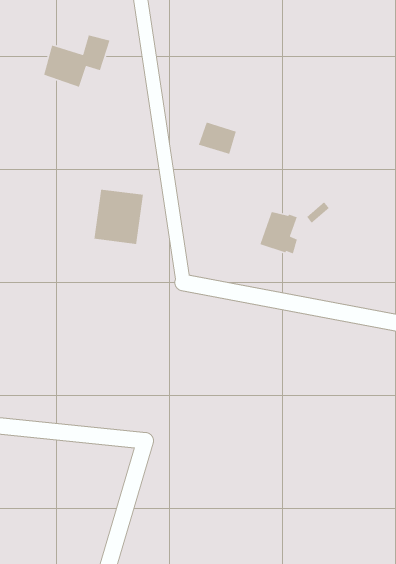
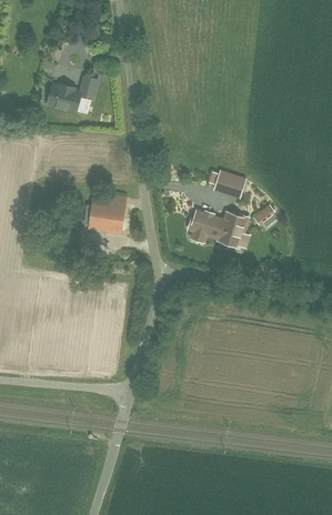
building: [198,121,237,155] -> [213,170,244,196]
building: none -> [188,211,224,241]

